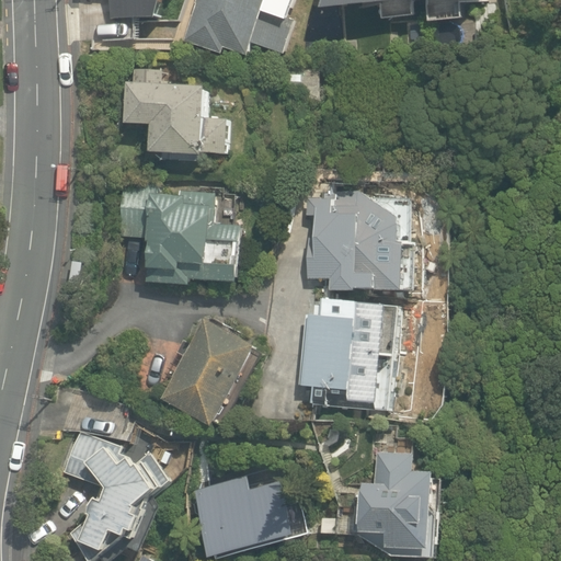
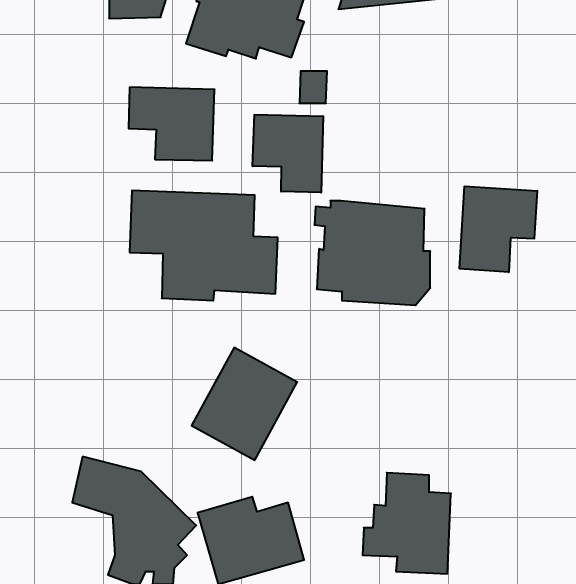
building: none -> [253,115,323,193]
building: none -> [460,186,537,272]
building: [294,297,392,409] -> none

